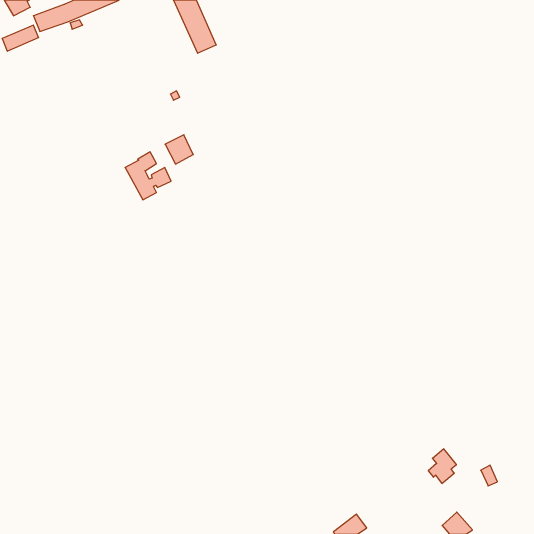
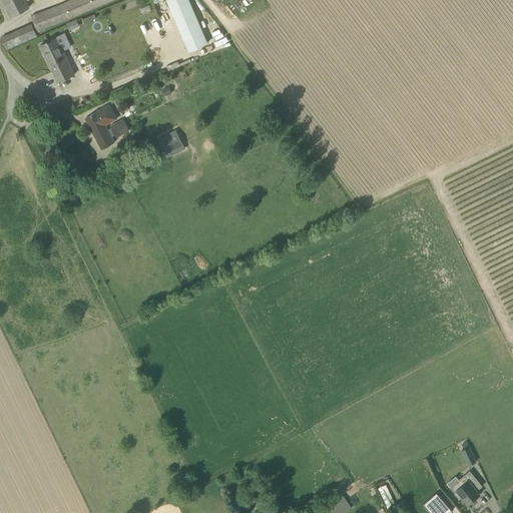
building: none -> [40,37,75,82]
building: [125,152,171,200] -> [85,103,129,149]
building: [428,449,456,483] -> [455,471,482,504]

